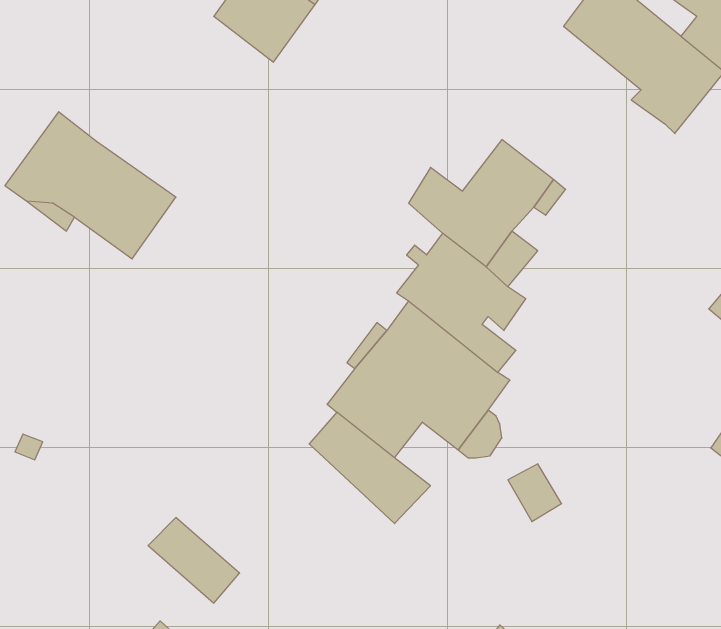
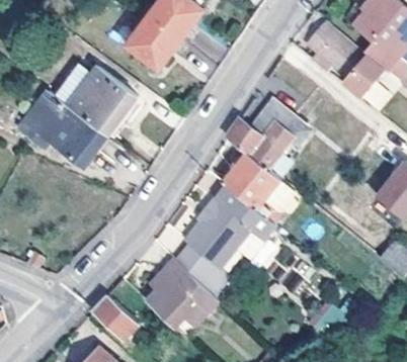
building: none -> [67,67,135,133]
building: none -> [148,259,219,328]

